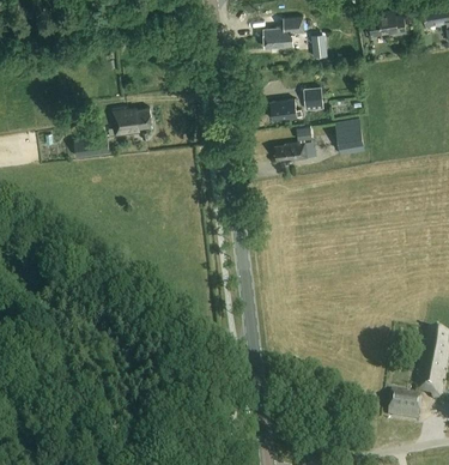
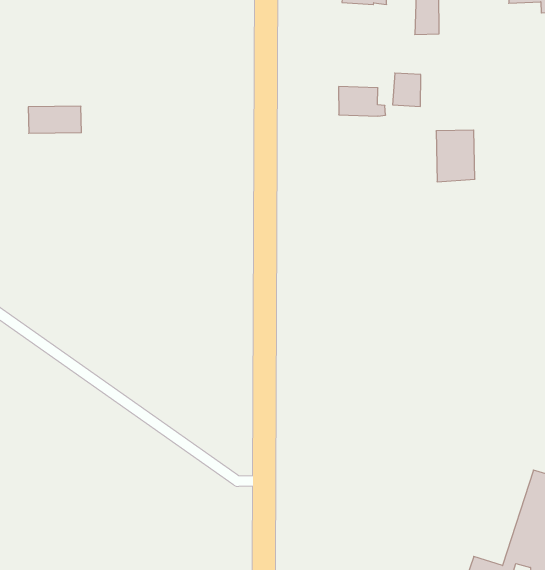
building: [113,107,152,137] -> none
building: [275,128,311,161] -> none

